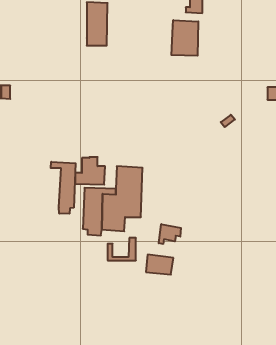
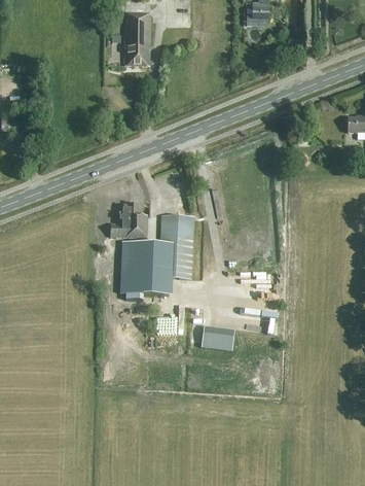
building: [171,20,198,56] -> none
building: [51,162,76,214] -> none
building: [159,224,181,244] -> none

